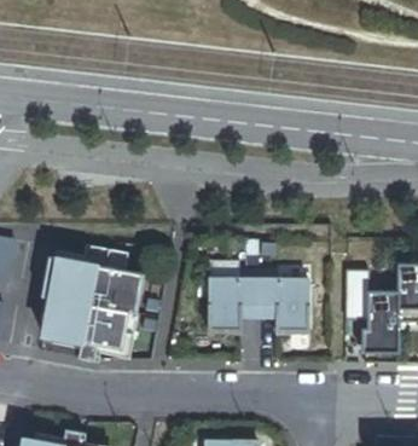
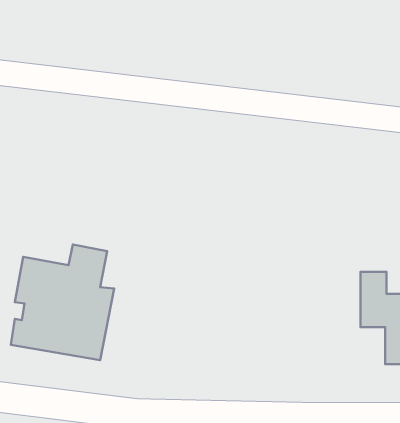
building: [199,280,296,334] -> none

